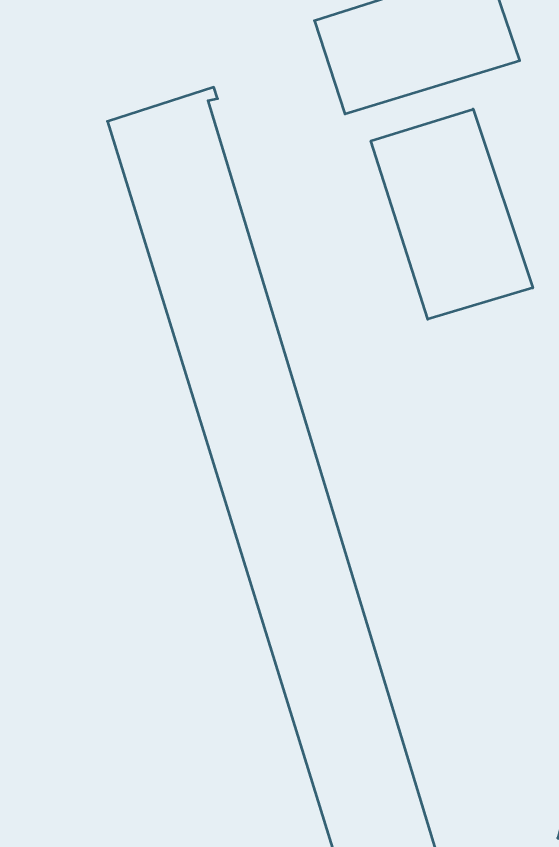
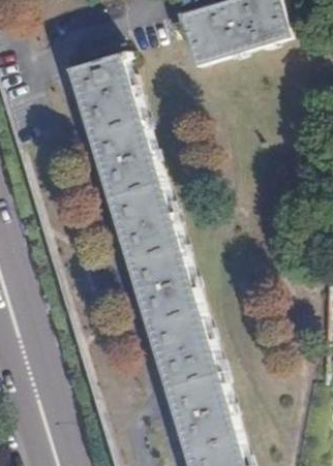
building: [371,109,533,319] -> none

